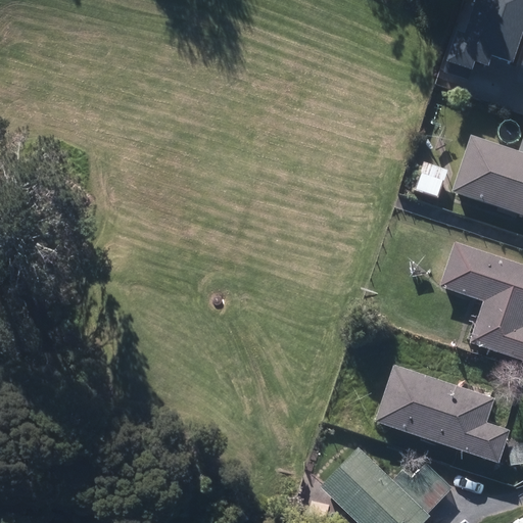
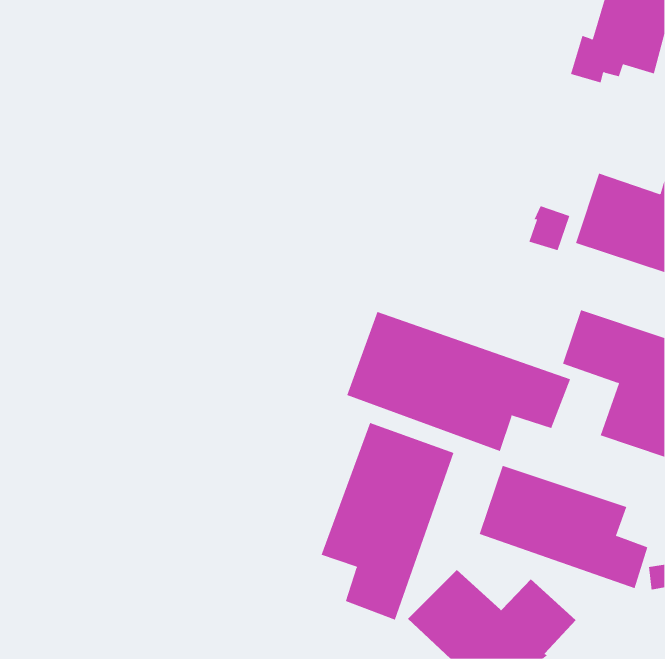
building: none -> [347,311,571,452]
building: none -> [321,422,454,621]

